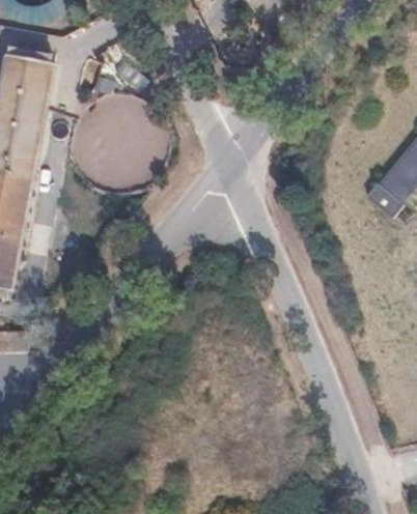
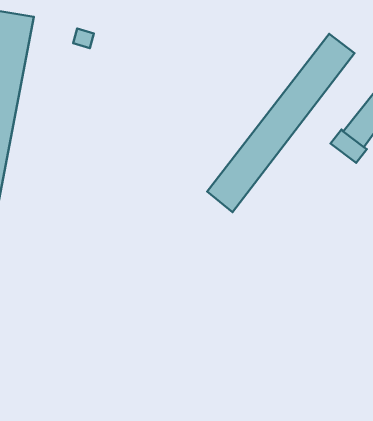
building: none -> [207,34,355,212]

